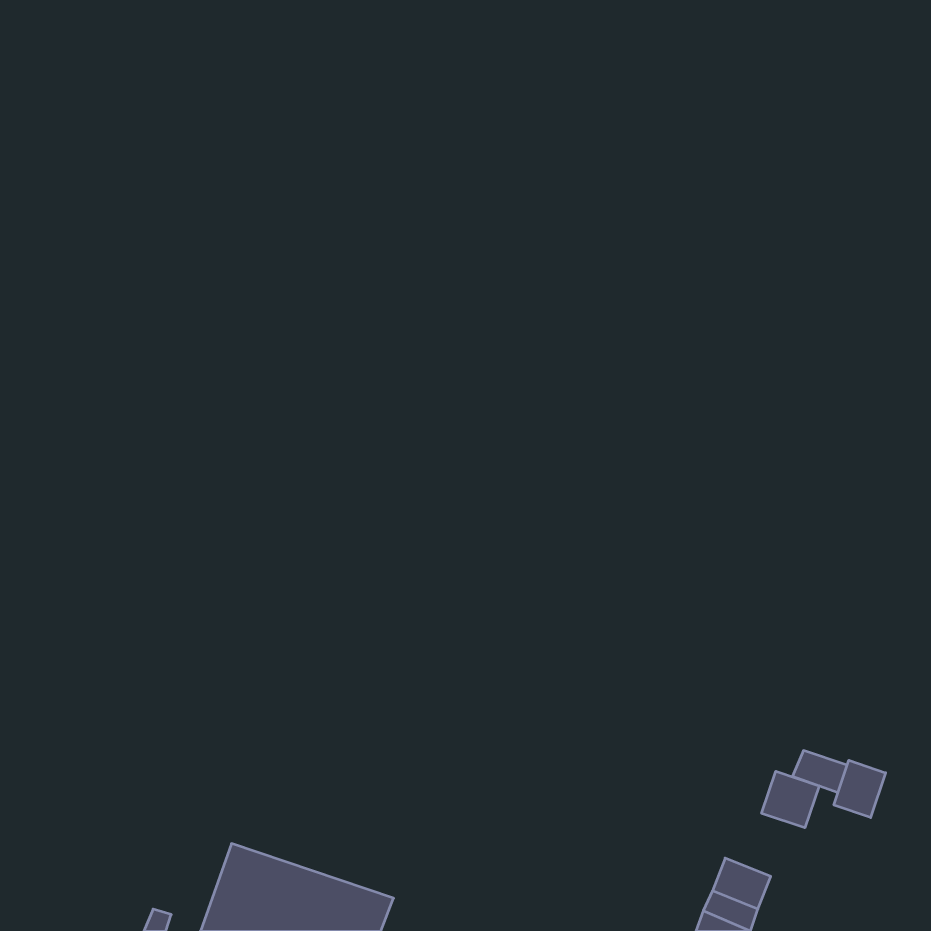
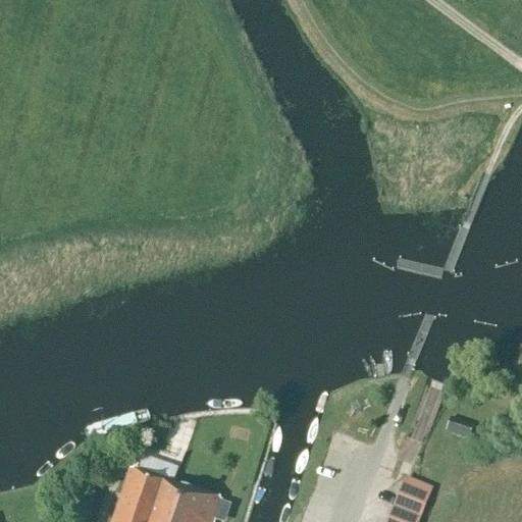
building: [834,760,886,818] -> none
building: [762,771,819,828] -> none

